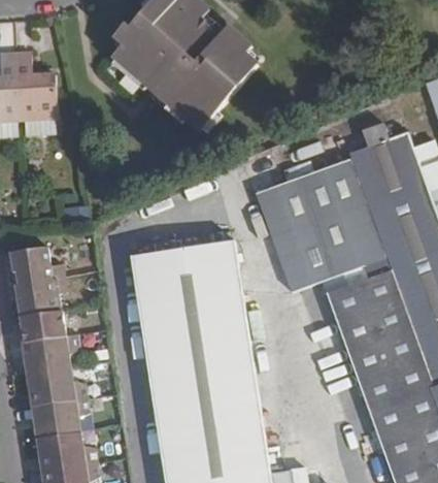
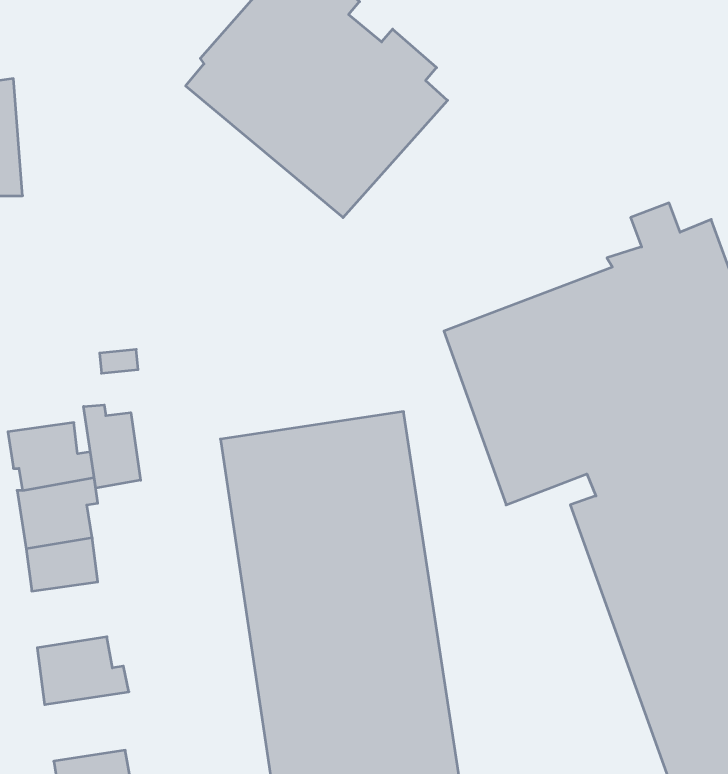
building: [14,52,58,119] -> none
building: none -> [84,405,141,488]
building: [23,335,71,374] -> none
building: [32,398,81,438] -> none

